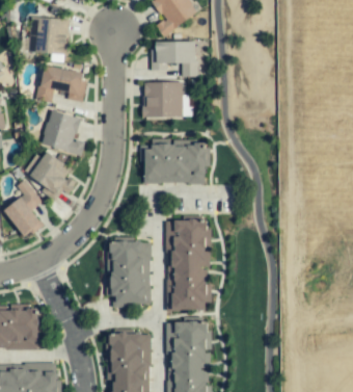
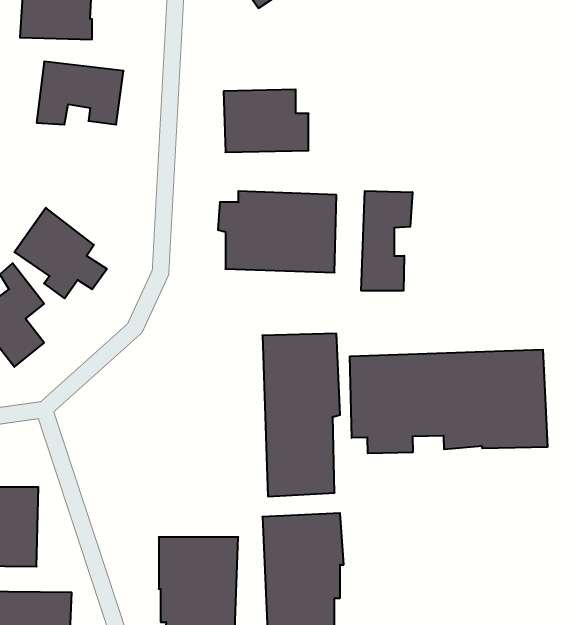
building: [153,42,197,78] -> none
building: [42,110,86,156] -> none
building: none -> [361,191,412,291]
building: none -> [350,350,547,453]
building: [107,241,151,305] -> none

